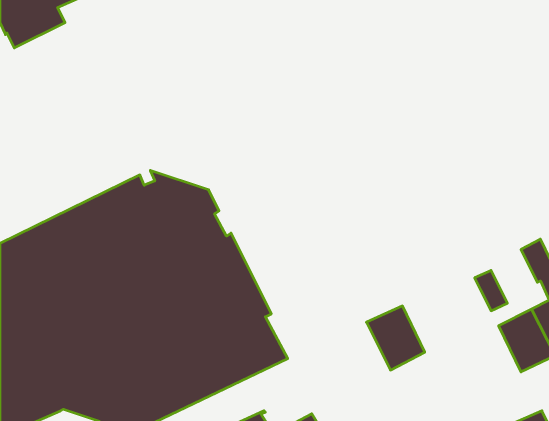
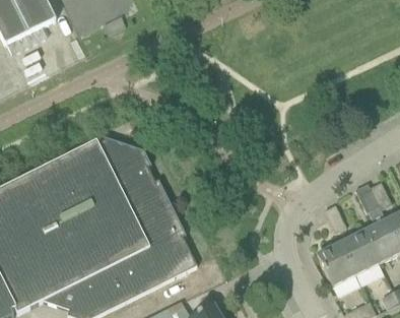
building: [366,306,425,370] -> [316,242,355,285]

